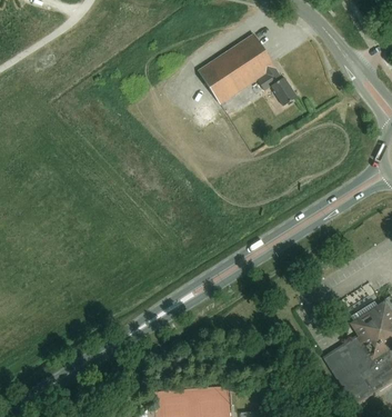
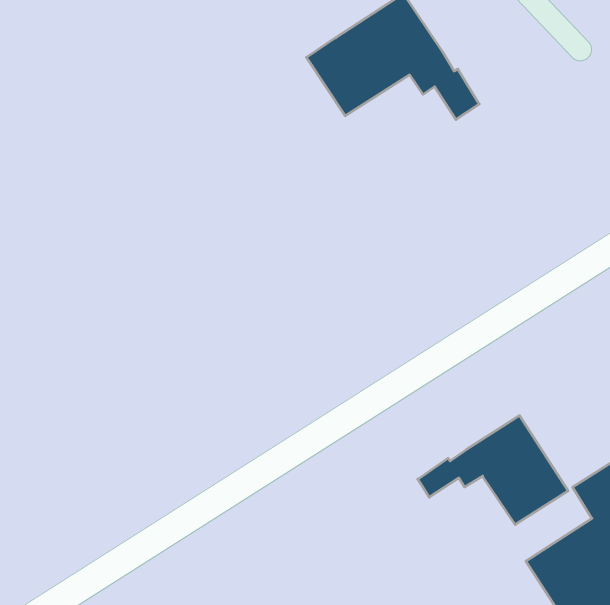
building: none -> [418,416,568,525]

